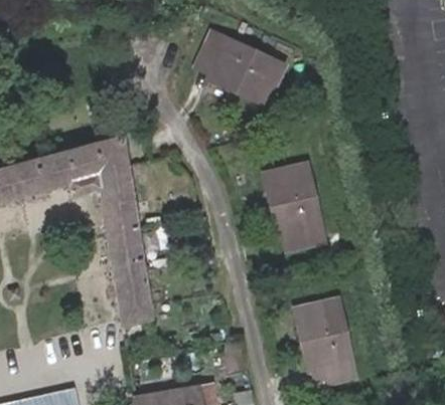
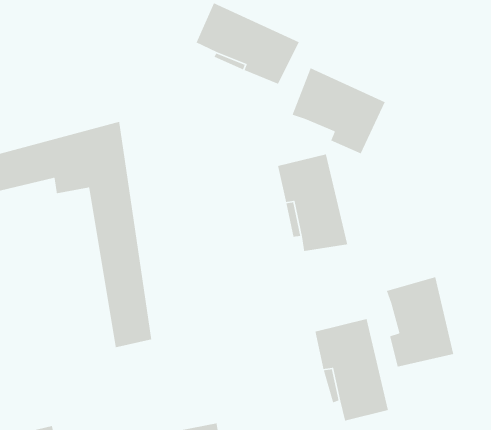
building: none -> [291,67,386,154]
building: none -> [386,276,454,368]

